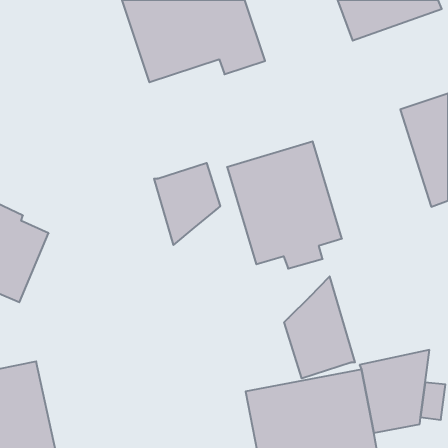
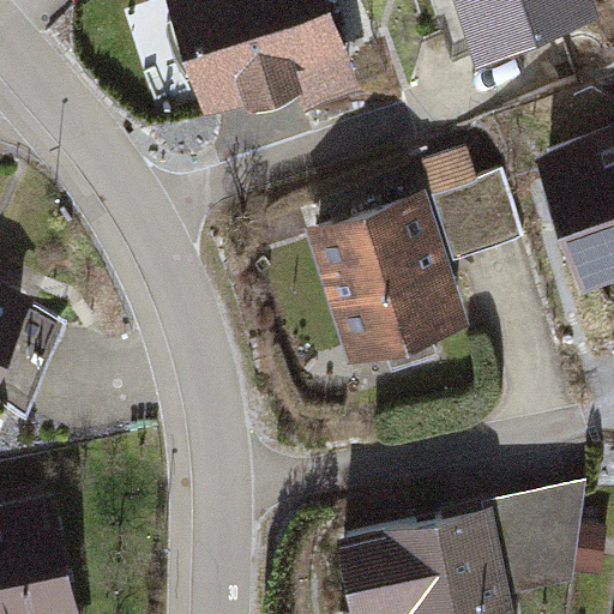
building: none -> [420,148,520,259]
building: [154,163,220,245] -> none
building: [284,276,355,378] -> none

